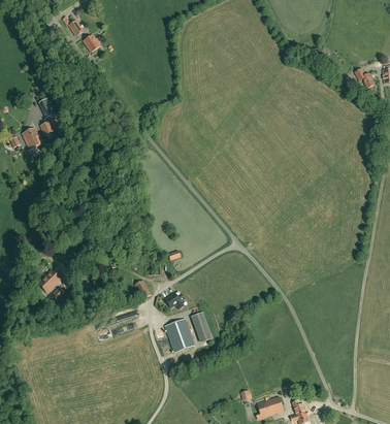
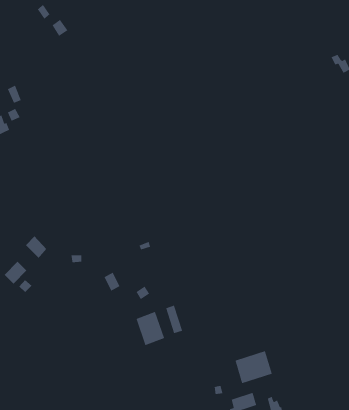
building: none -> [234,350,273,384]

